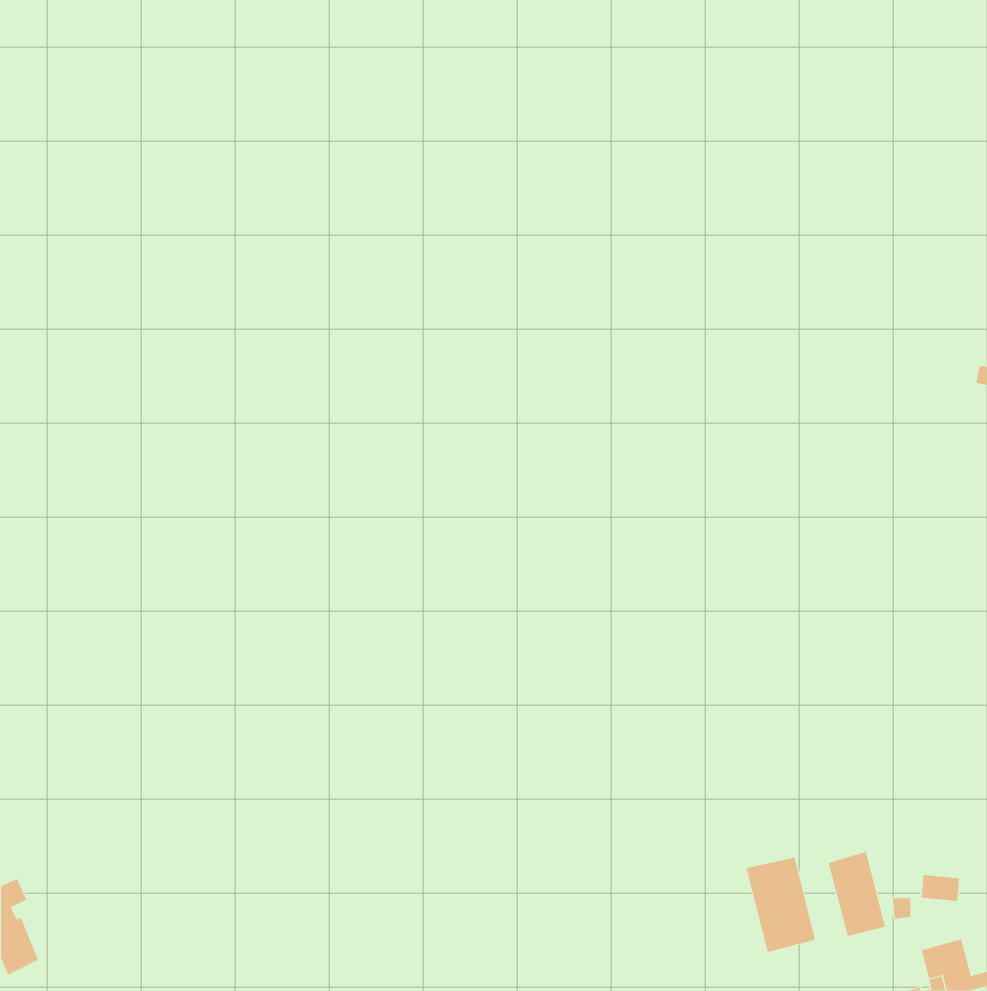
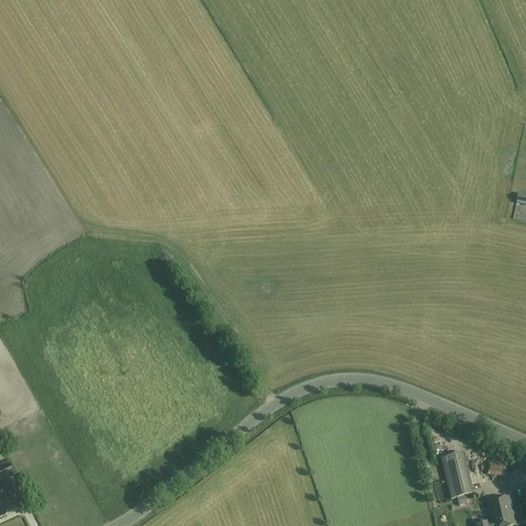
building: [746,857,816,953] -> none

